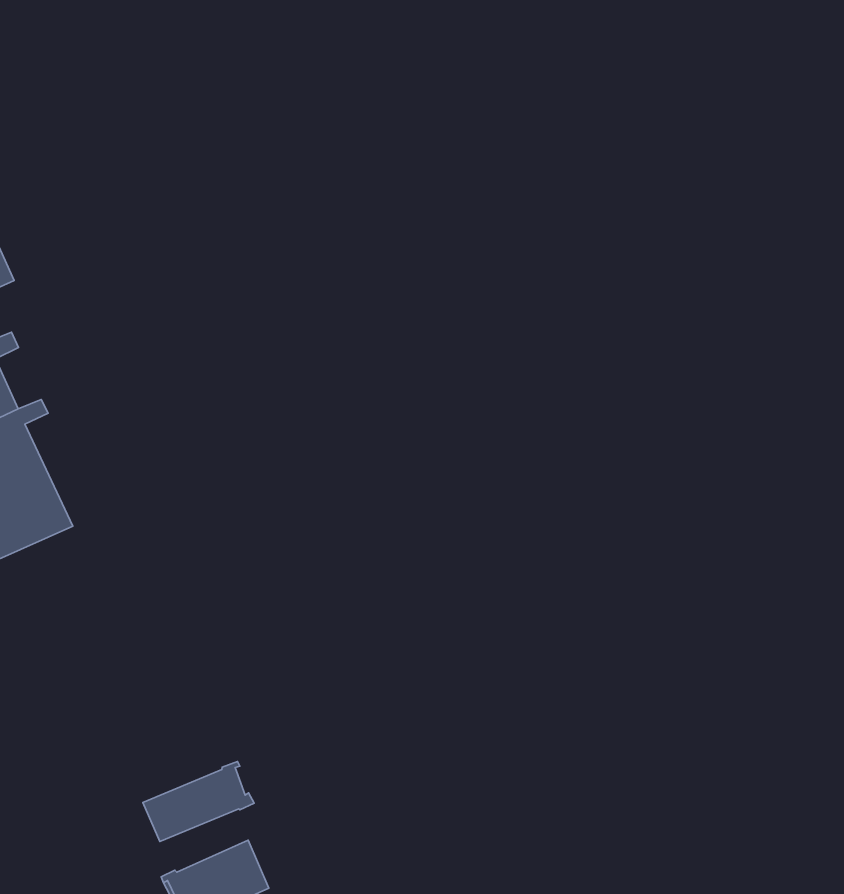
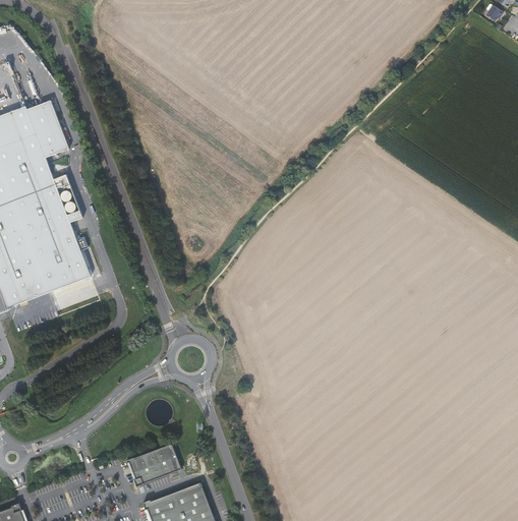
building: [143,761,254,842] -> none

